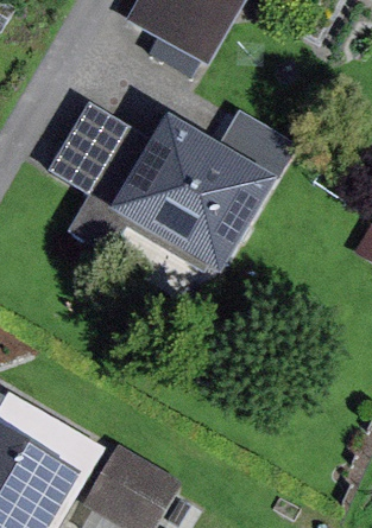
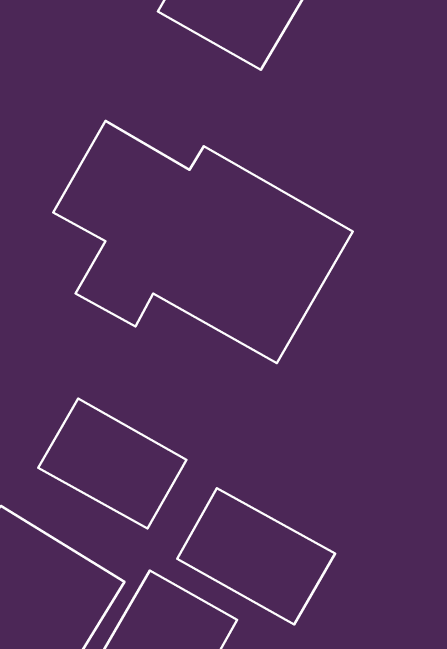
building: none -> [38,398,186,529]
building: none -> [177,488,335,625]

